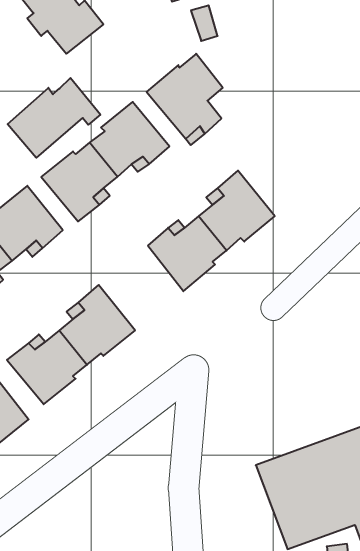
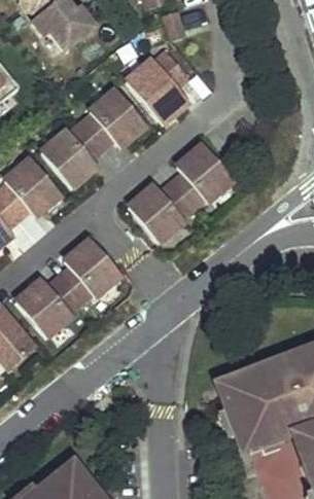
building: [8,78,100,158] -> none

